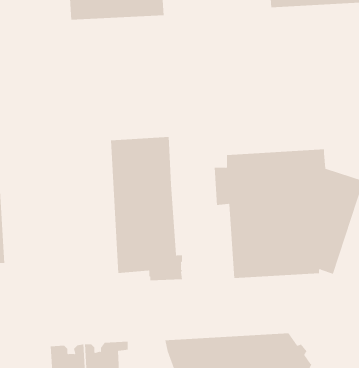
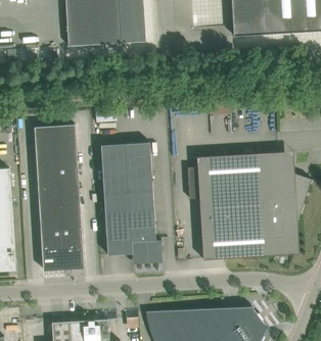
building: none -> [35,125,84,270]

